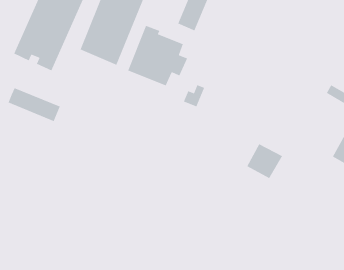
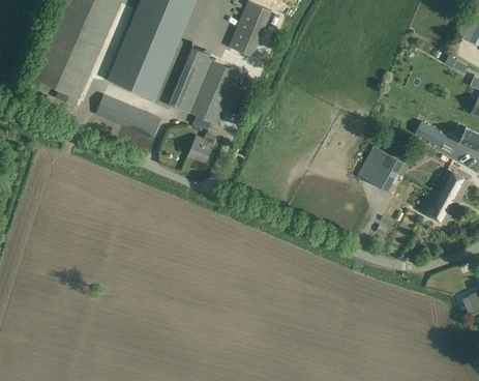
building: [183,84,205,108] -> [188,133,216,162]
building: [7,87,61,122] -> [95,94,161,138]
building: [246,143,283,179] -> [358,146,403,190]

